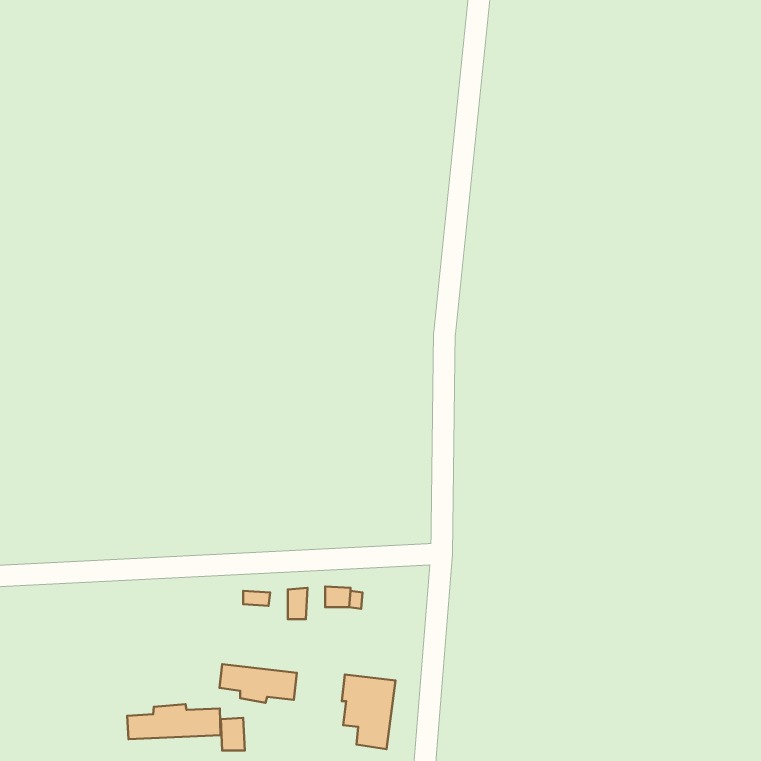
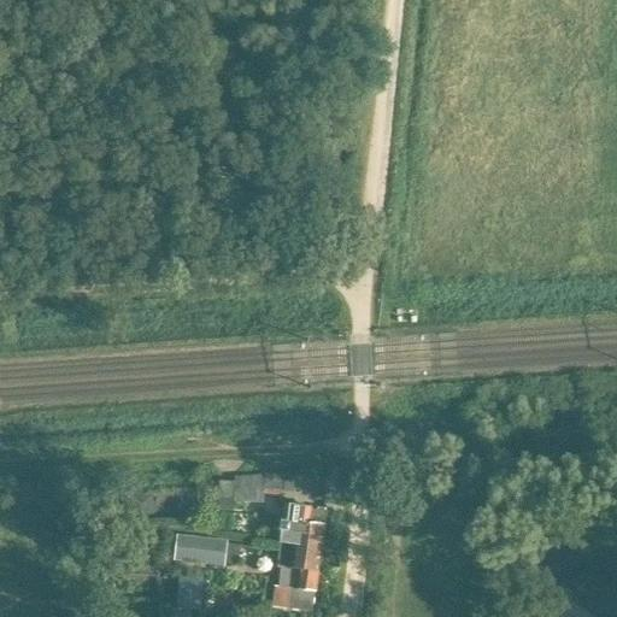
building: none -> [278,503,324,550]
building: [127,704,221,739] -> none

